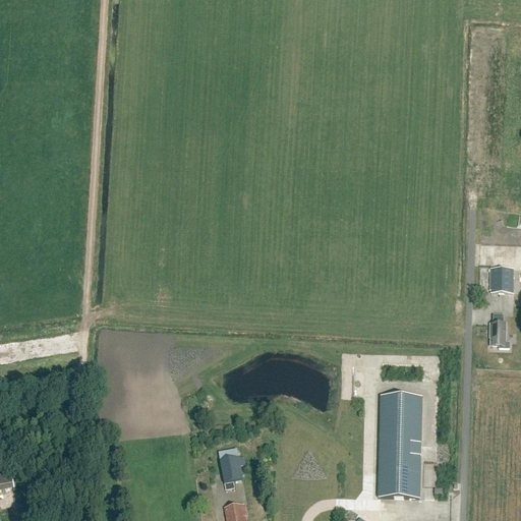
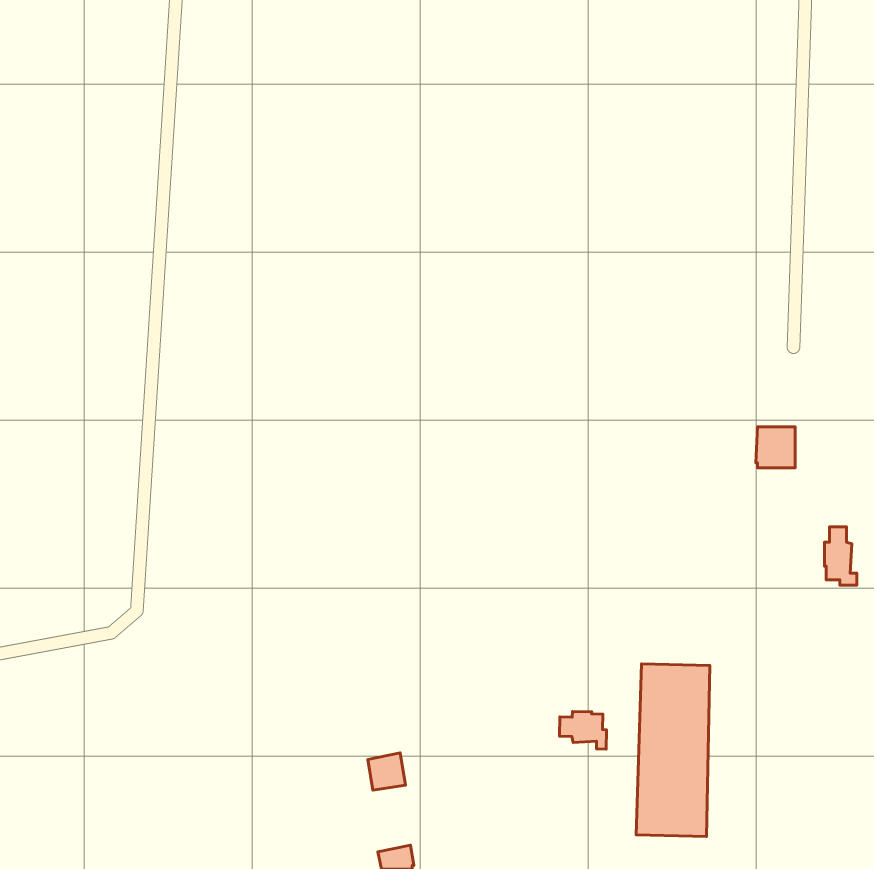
building: [490,268,514,292] -> [756,427,795,468]
building: none -> [559,711,606,749]

